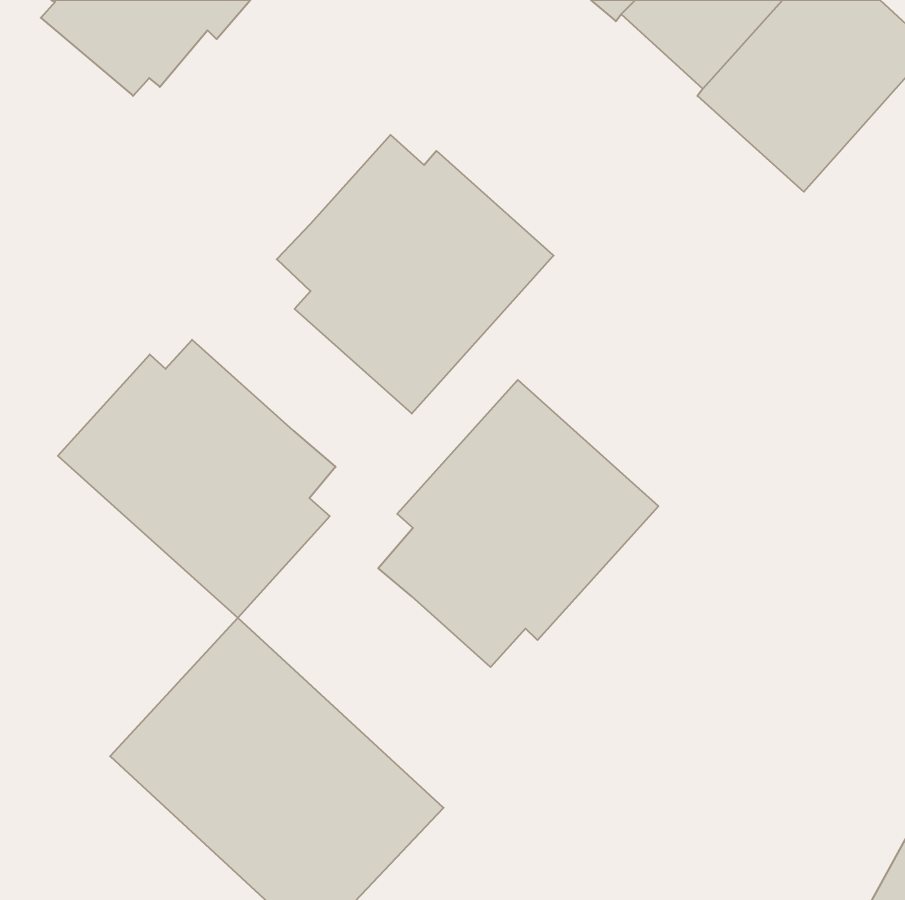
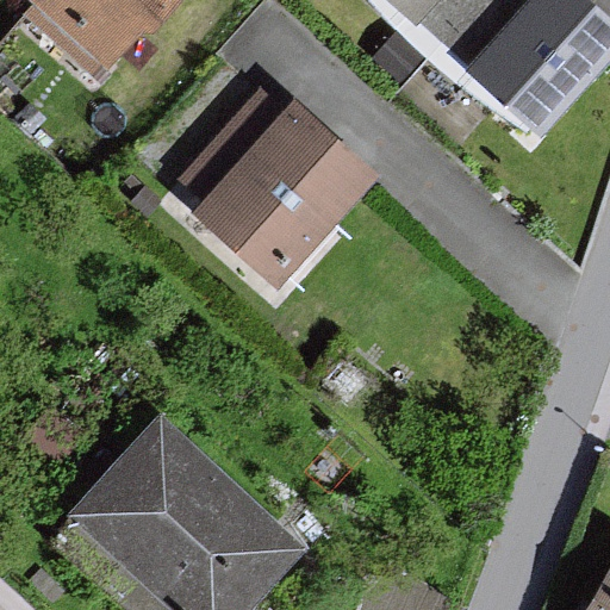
building: [58,340,336,618] -> none
building: [378,380,658,667] -> none

